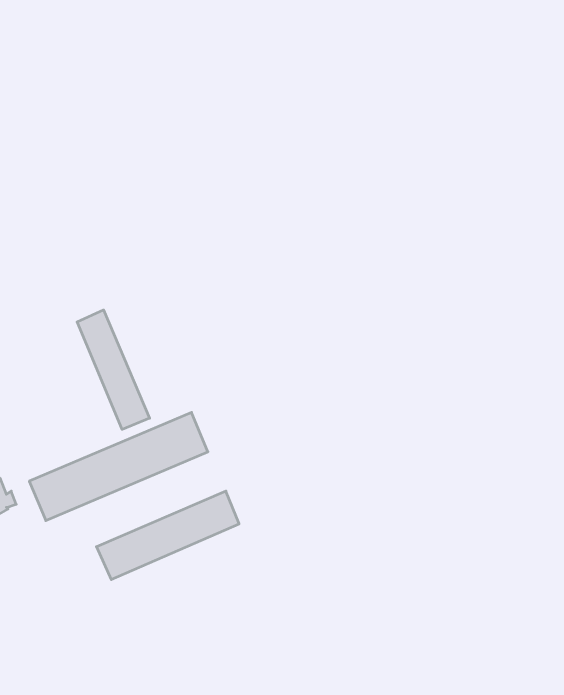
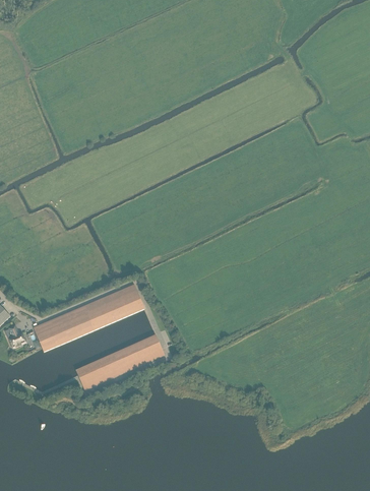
building: [77,310,150,429] -> none

